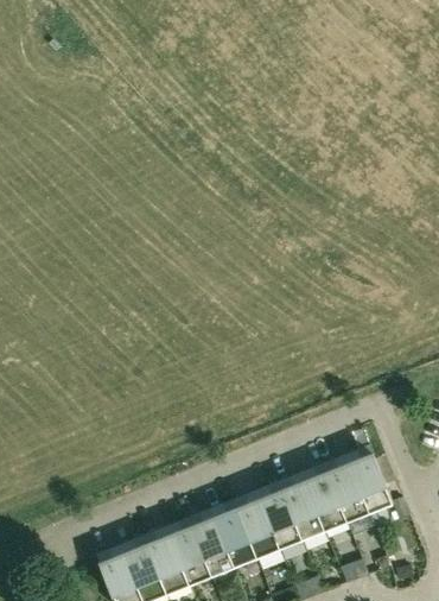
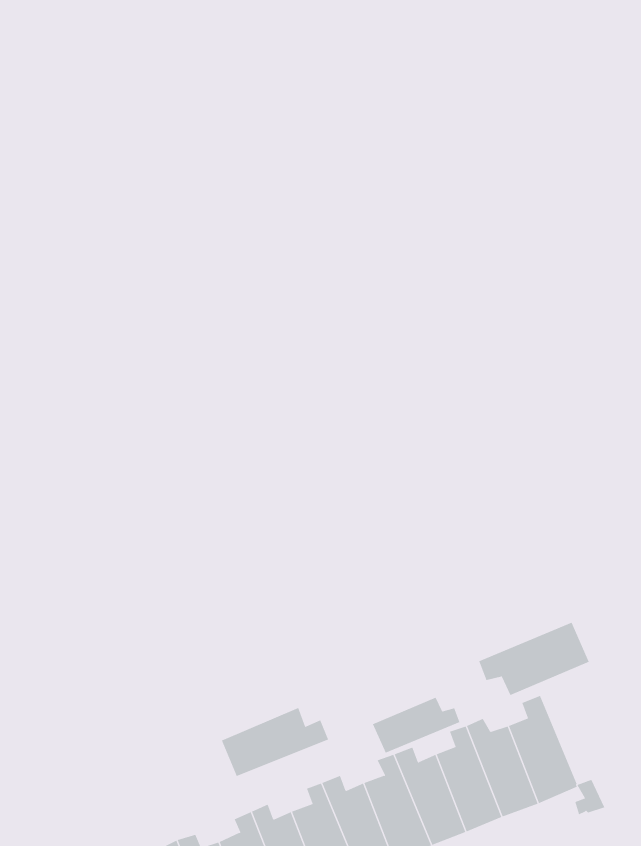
building: none -> [479,622,590,696]
building: none -> [372,697,460,754]
building: none -> [221,707,329,777]

